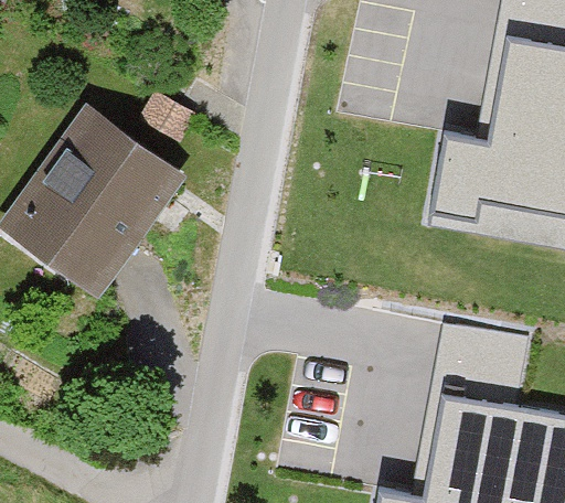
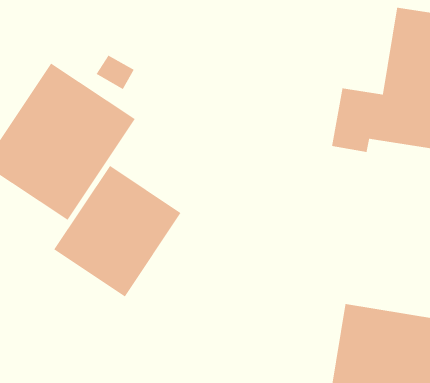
building: none -> [53,165,182,298]

